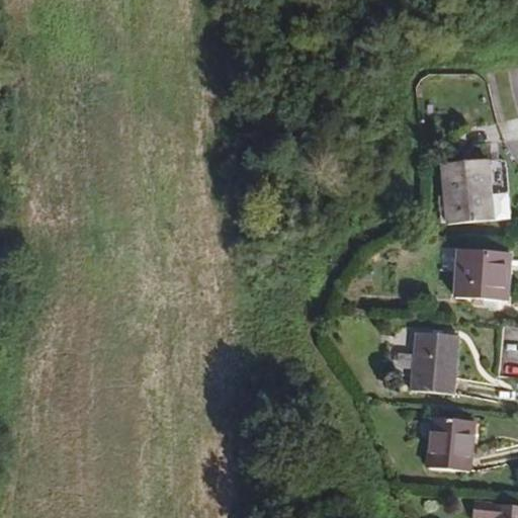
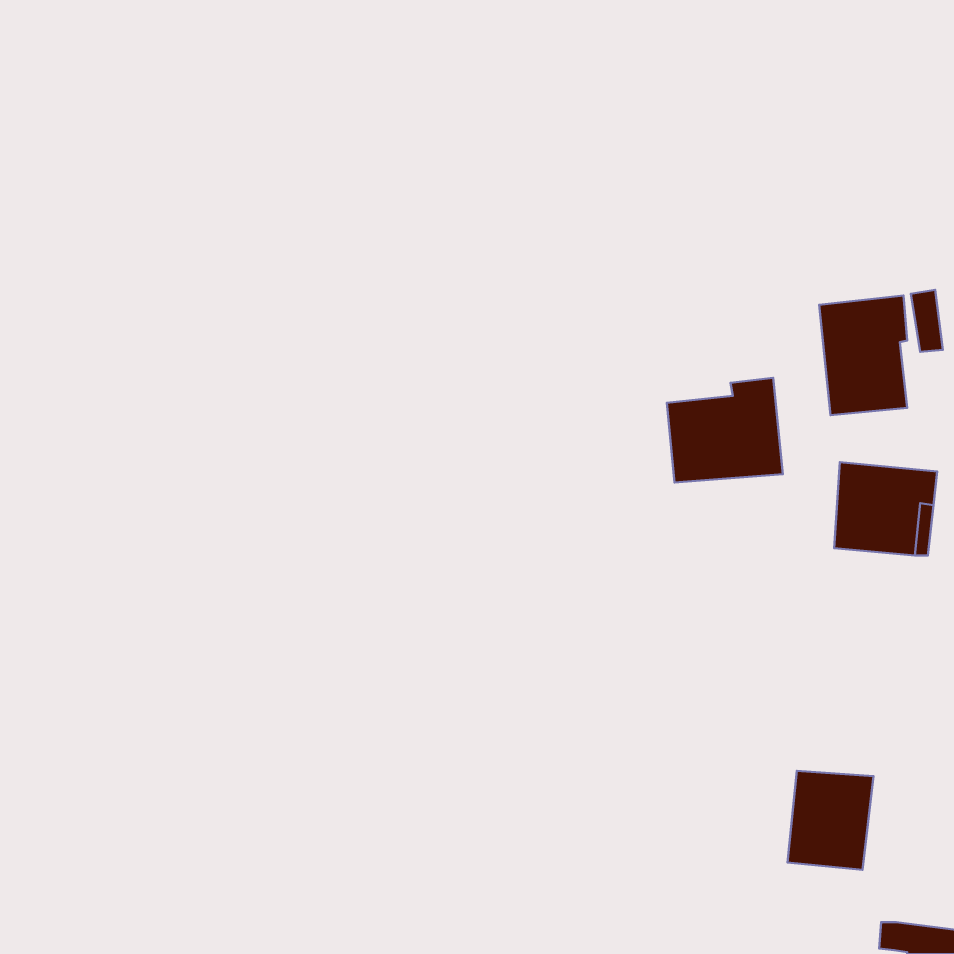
building: none -> [667,378,783,483]
building: [410,330,459,394] -> none

